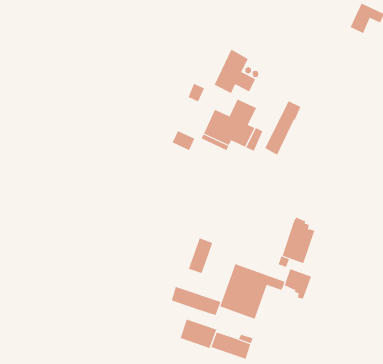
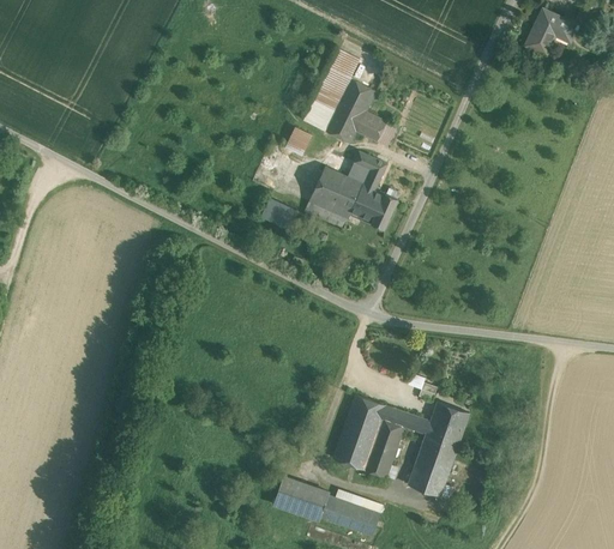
building: [265,100,301,156] -> [305,49,359,131]
building: [282,217,315,264] -> [408,427,457,496]
building: [188,237,213,274] -> none
building: [171,286,221,316] -> none

